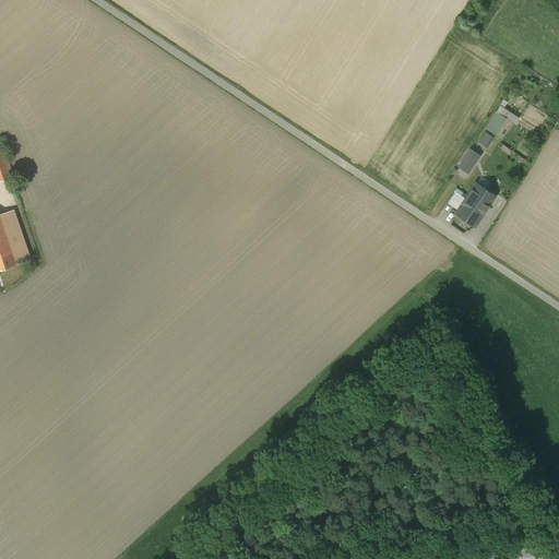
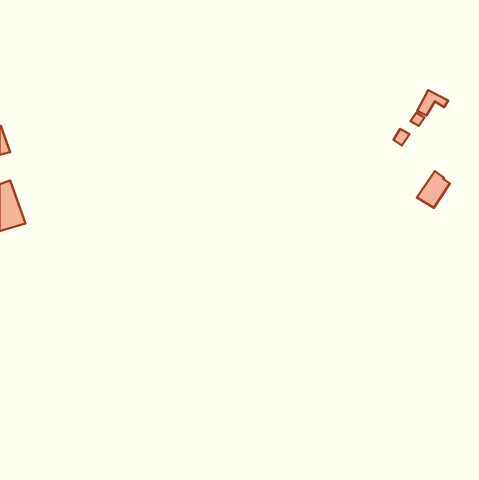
building: [454,183,492,226] -> [417,171,450,208]

